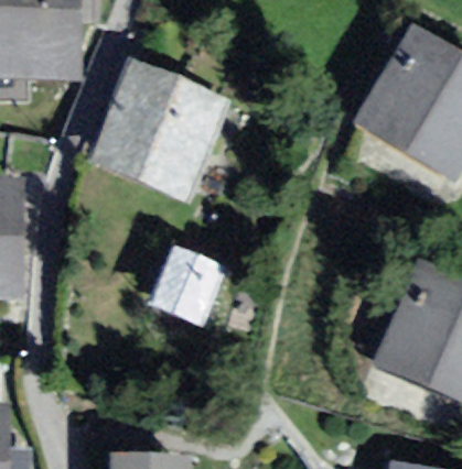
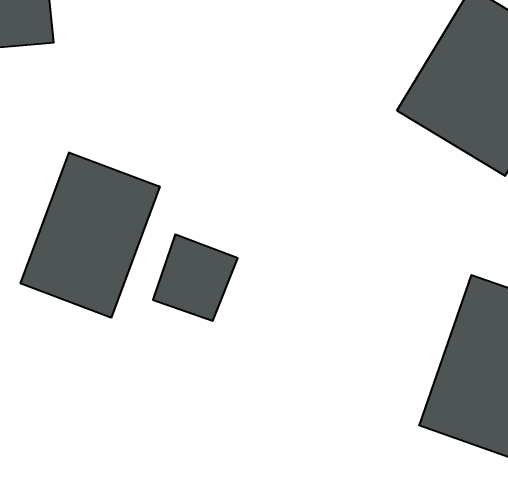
building: [100,46,229,183] -> none
building: none -> [21,152,160,318]

